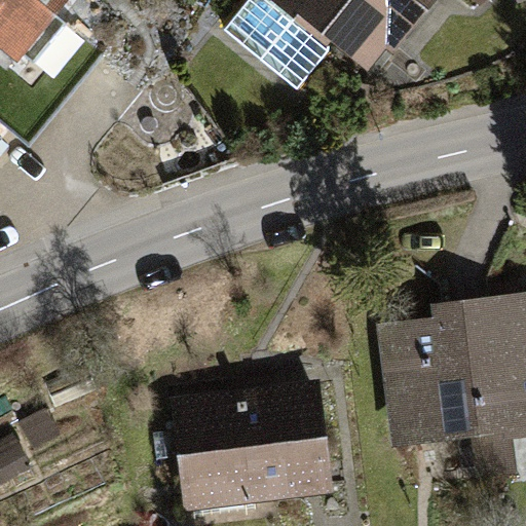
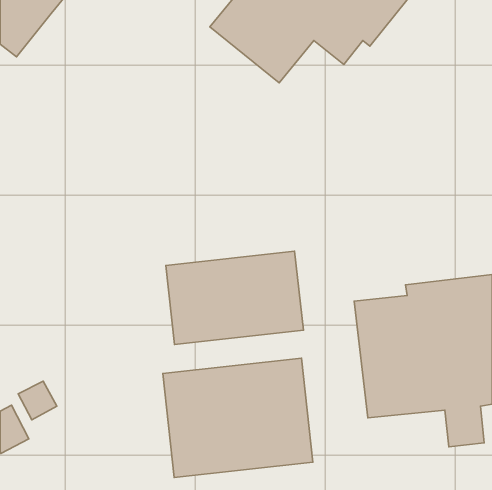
building: none -> [166,251,303,344]

